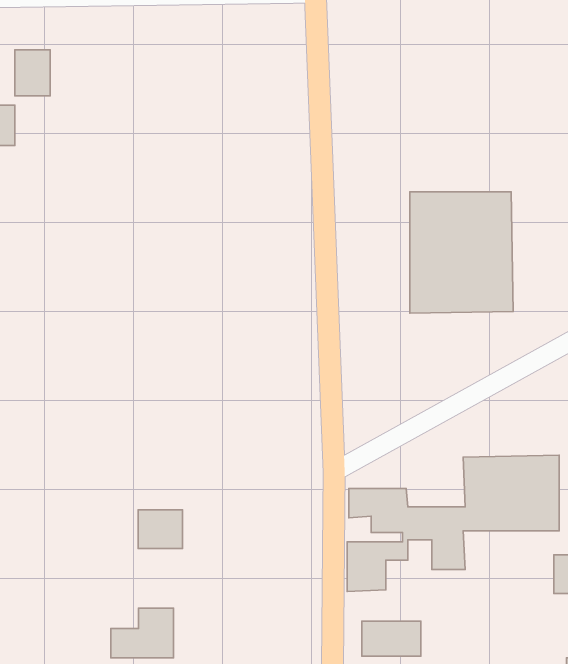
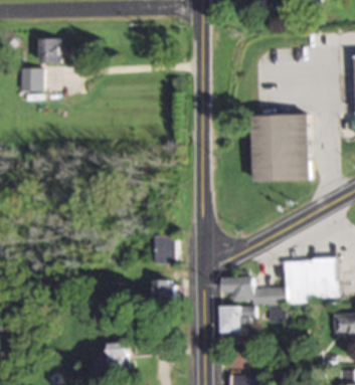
building: none -> [153,234,175,261]
building: [138,510,182,549] -> [153,279,177,301]

